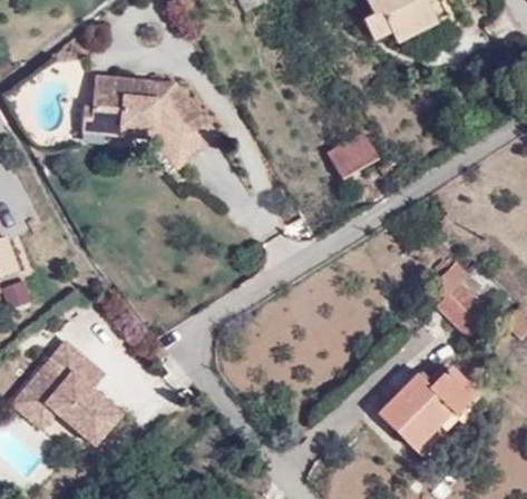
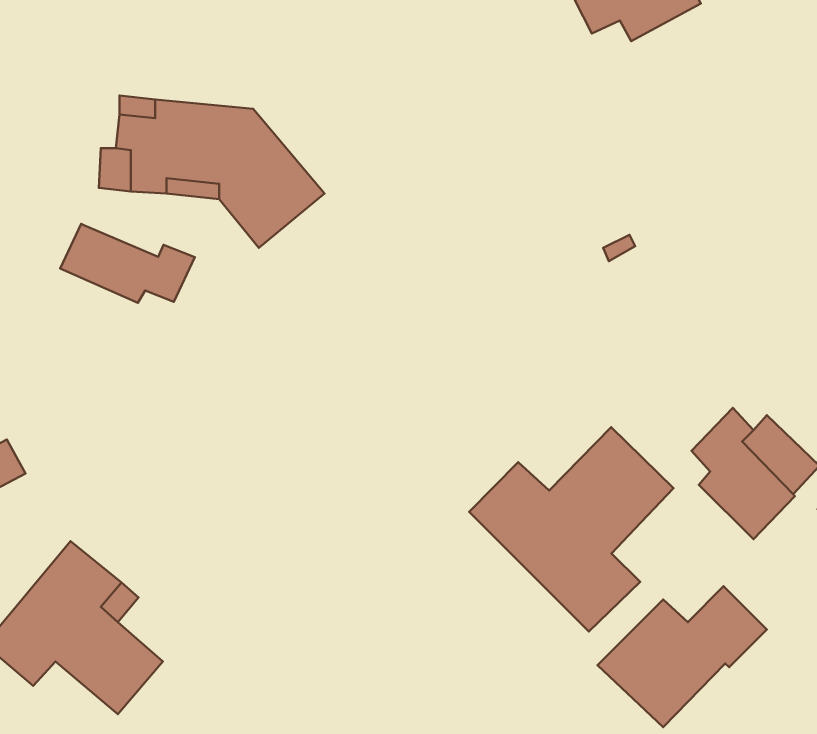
building: [330,131,377,176] -> none
building: none -> [60,224,195,303]
building: none -> [469,427,674,632]

